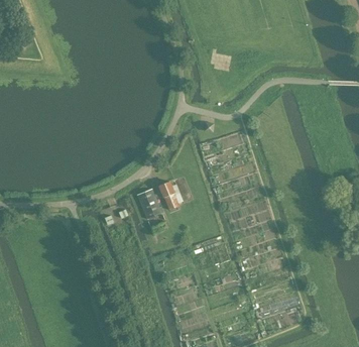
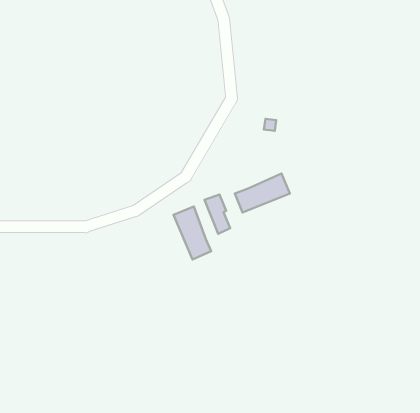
building: none -> [235,174,290,212]

